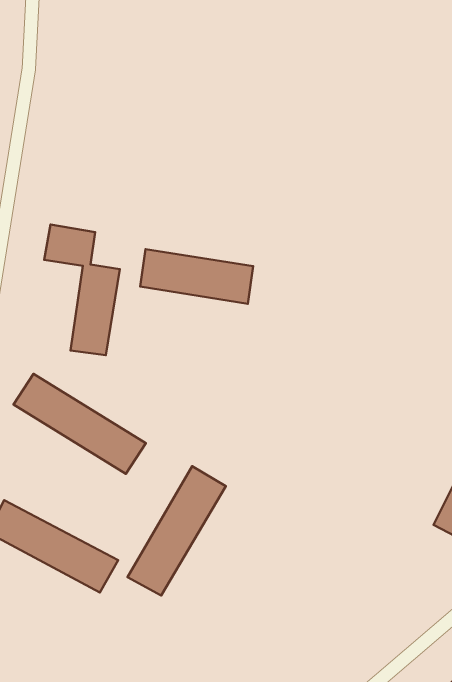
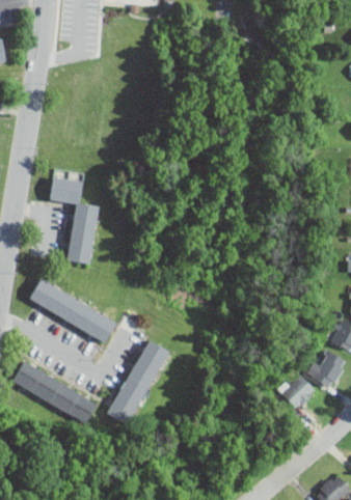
building: [140,249,253,304] -> none
building: none -> [277,371,316,410]

